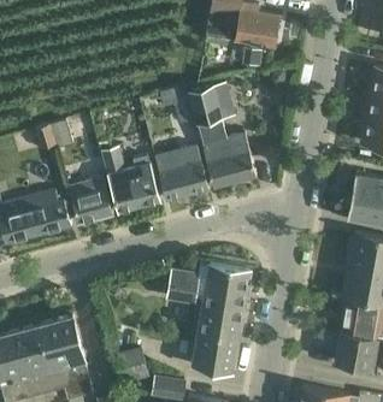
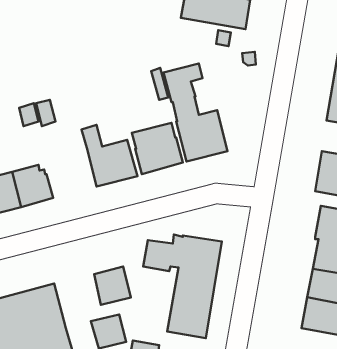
building: [69,179,113,225] -> none
building: none -> [94,267,131,305]

